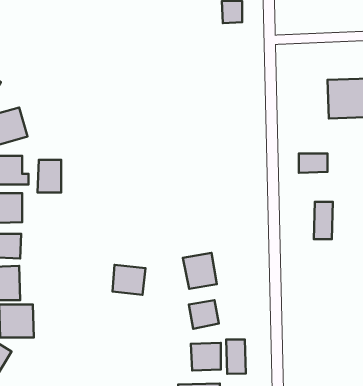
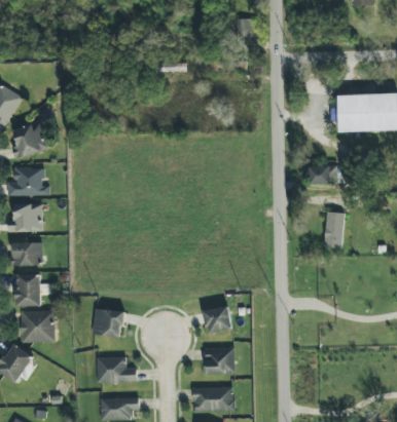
building: [38,160,61,193] -> none
building: [183,253,217,289] -> none
building: [113,265,146,295] -> [93,308,124,337]
building: [226,339,246,374] -> none
building: none -> [97,356,137,382]

